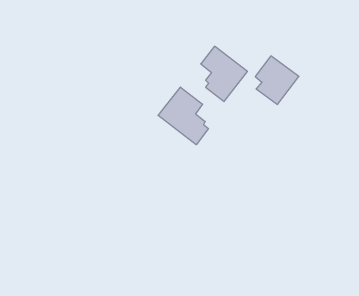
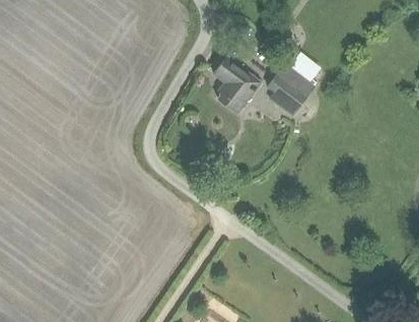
building: [158,87,208,145] -> none

